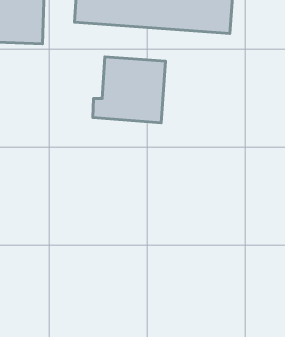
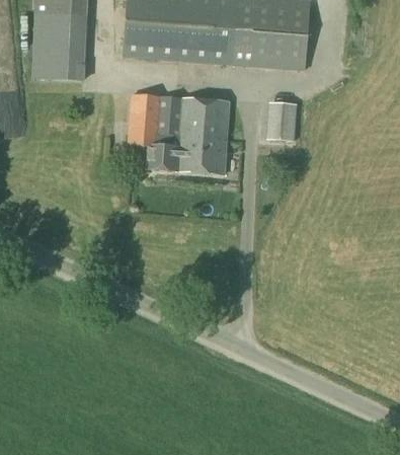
building: none -> [127,94,158,145]
building: none -> [266,101,297,140]

